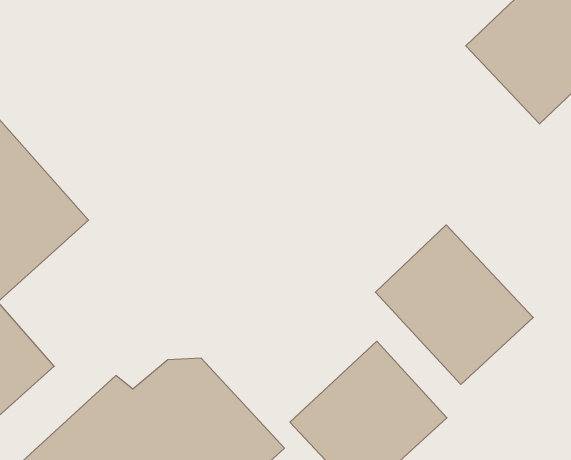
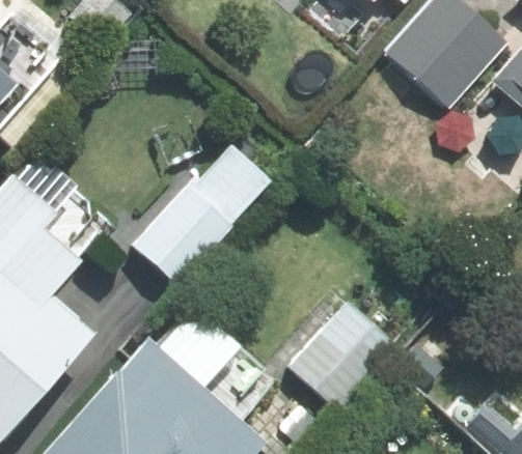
building: none -> [126,142,269,290]
building: [375,225,533,384] -> none

